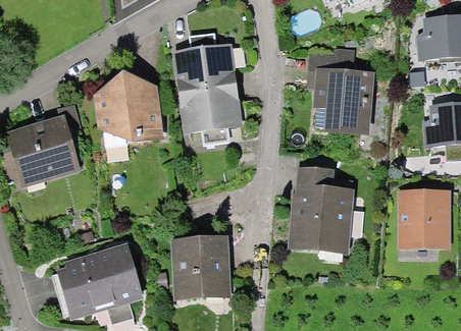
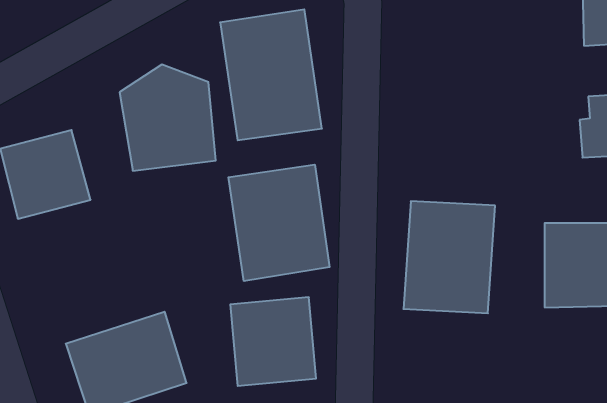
building: [320,71,380,134] -> none
building: none -> [228,165,330,281]

